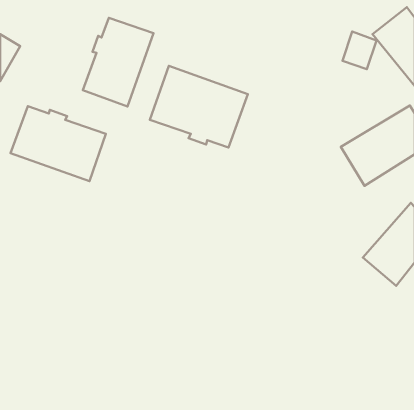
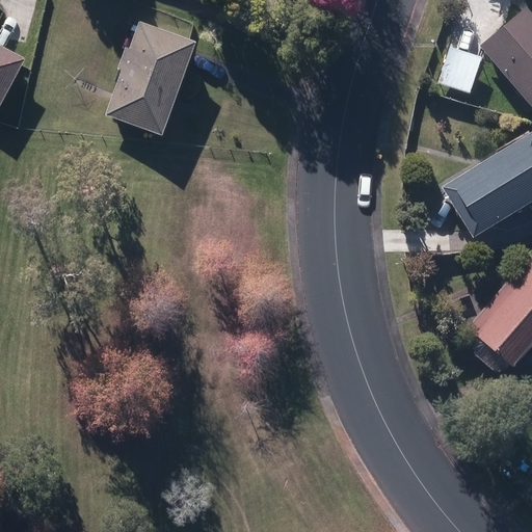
building: [150,66,248,147] -> none
building: [11,106,106,181] -> none

